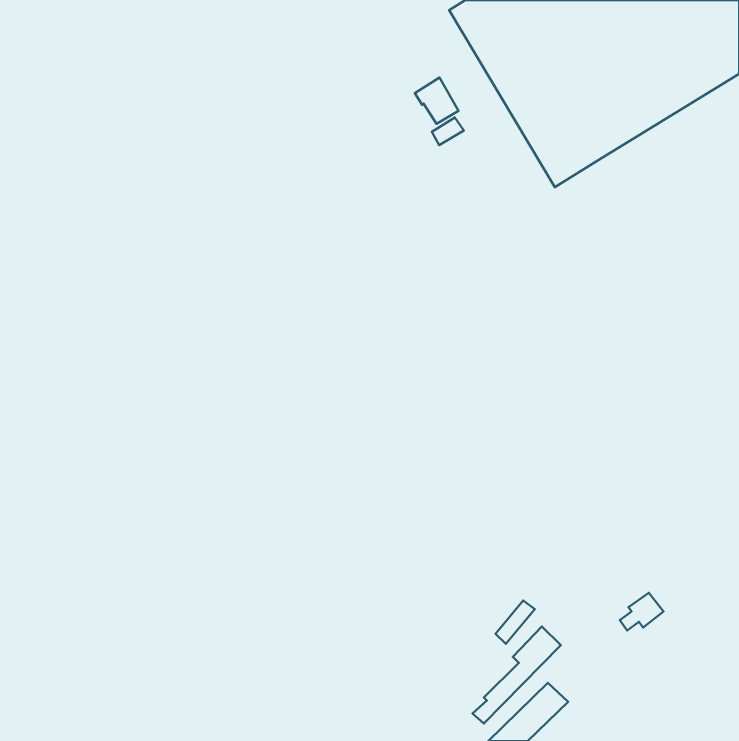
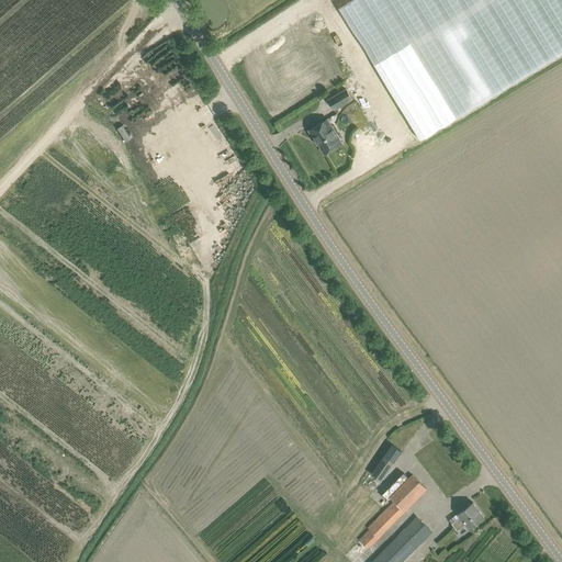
building: [415,77,458,124] -> [307,119,340,154]
building: [620,593,663,630] -> [450,503,483,531]

